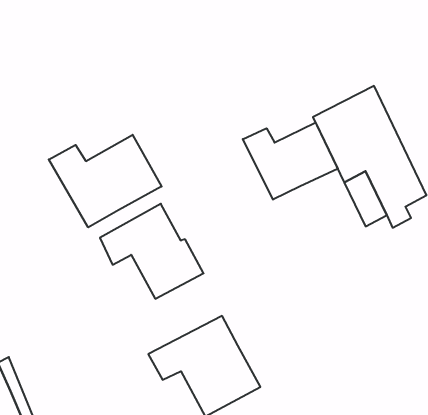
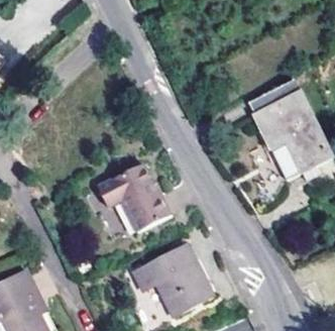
building: [243,123,338,200] -> none
building: [49,135,162,227] -> none

